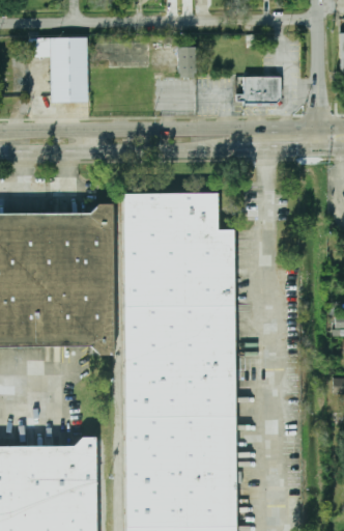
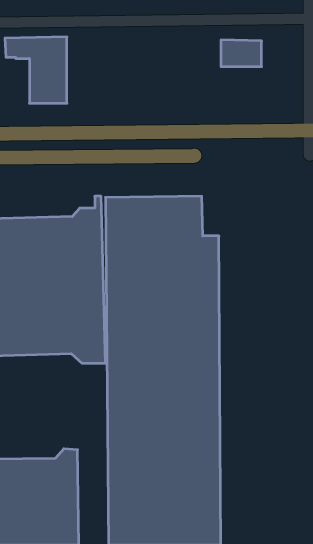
building: [178,46,197,73] -> none
building: [240,76,280,102] -> [221,40,262,67]

